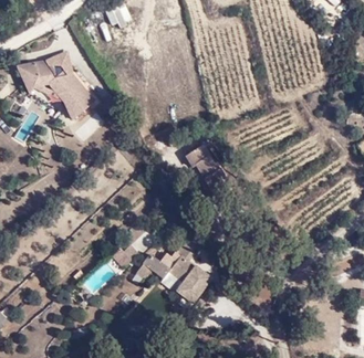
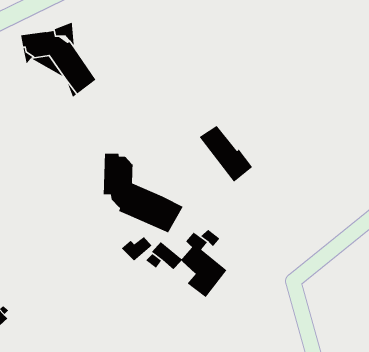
building: none -> [103,153,184,234]

